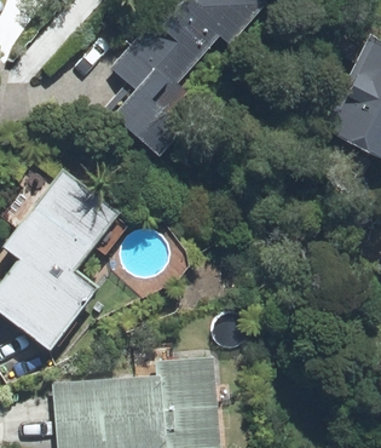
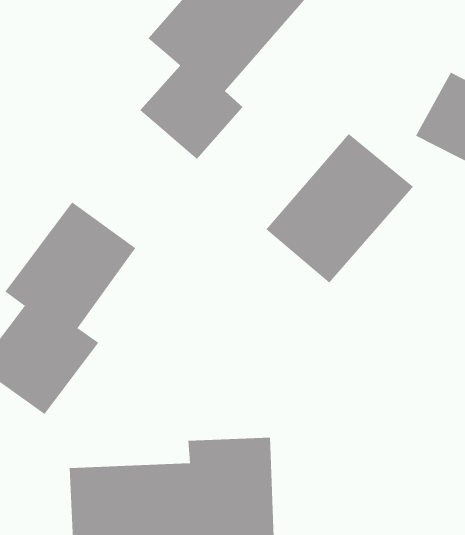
building: none -> [266,133,414,283]

